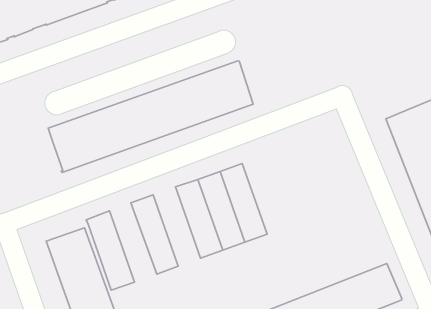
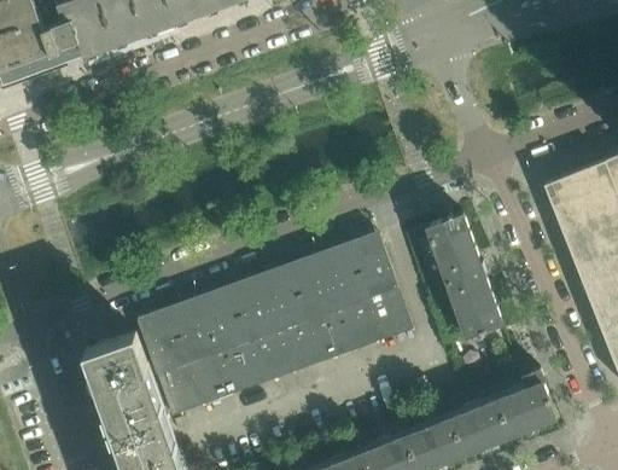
building: [48,61,253,173] -> none
building: none -> [426,211,500,337]
building: none -> [348,231,412,338]
building: none -> [227,274,291,382]
building: none -> [168,296,232,404]

